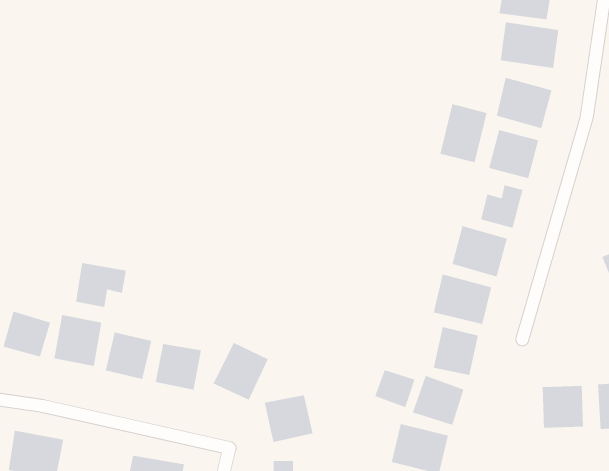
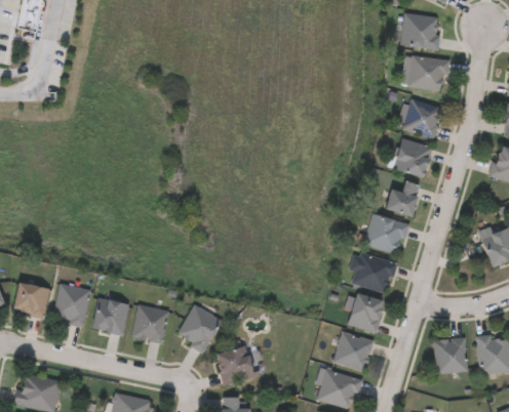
building: [439,103,488,163] -> none
building: [75,262,127,308] -> none
building: [374,369,416,408] -> none

